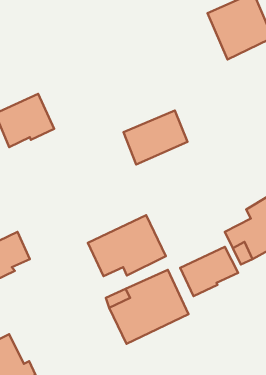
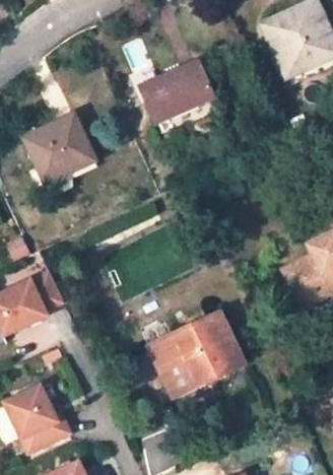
building: [124,110,188,165] -> [140,62,212,123]
building: [88,215,166,276] -> none
building: [180,247,238,296] -> none

